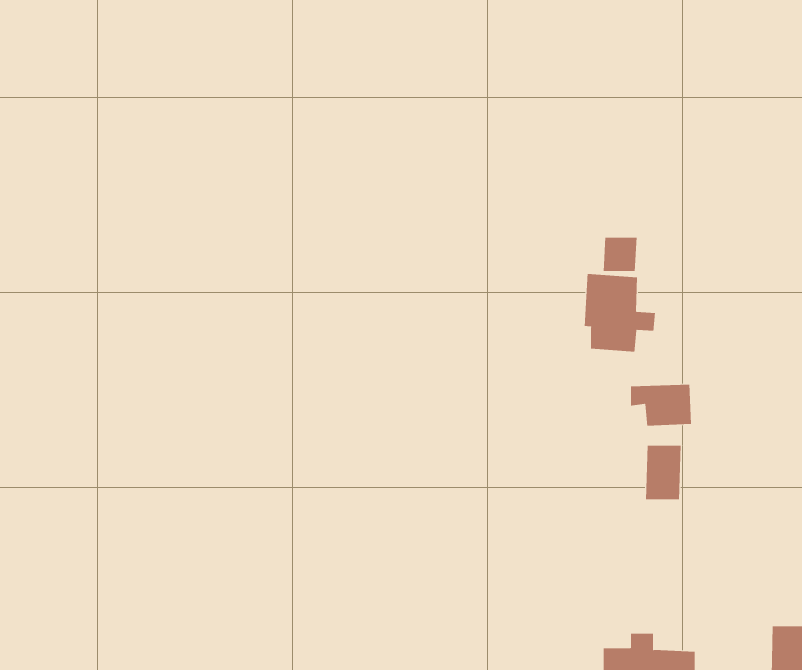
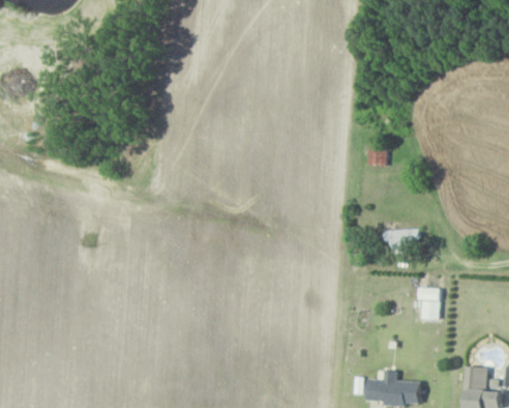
building: [584,273,655,353] -> none
building: [645,445,682,500] -> [418,287,439,318]

